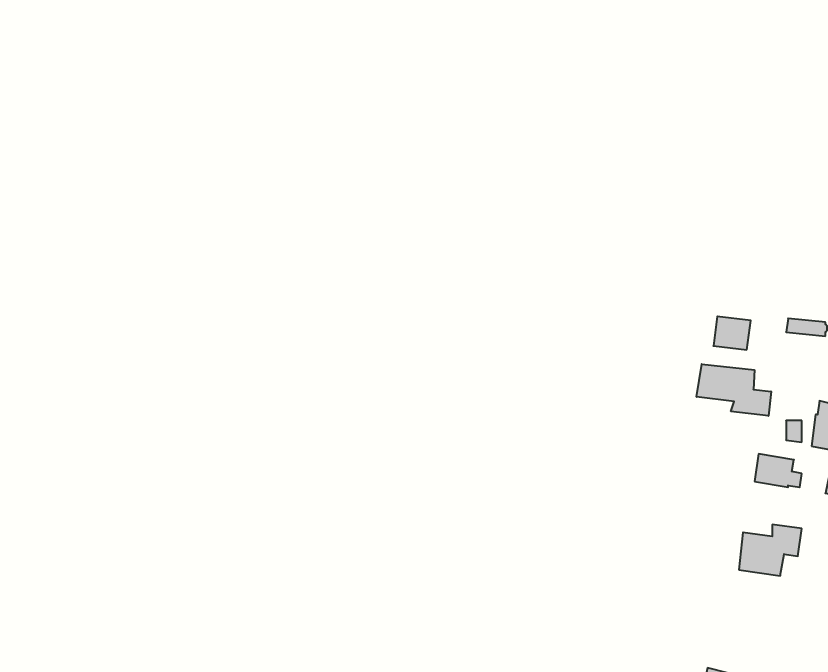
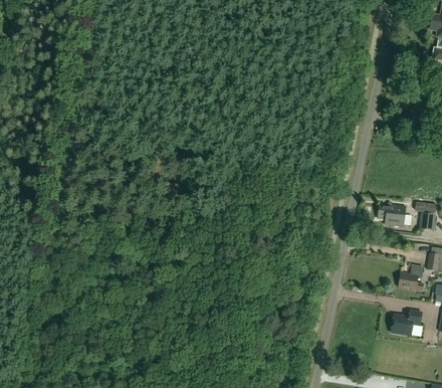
building: [697,364,771,416] -> none

